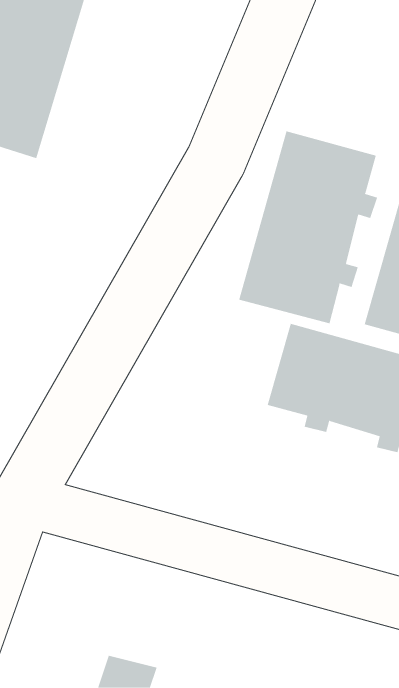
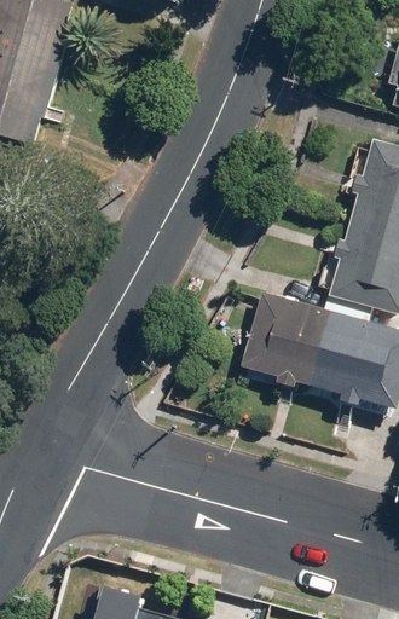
building: [239,130,378,324] -> none

